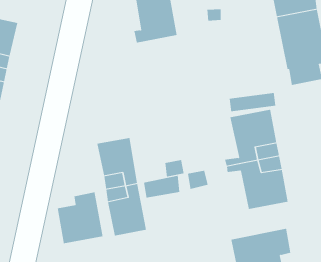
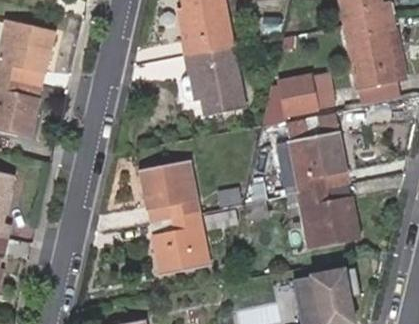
building: none -> [178,47,244,116]
building: none -> [278,77,332,117]
building: [57,191,103,244] -> none

